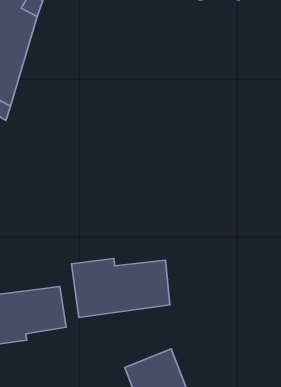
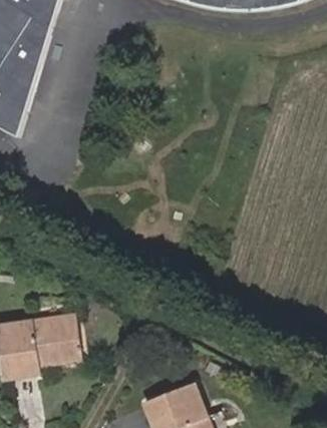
building: [72,258,170,318] -> none

